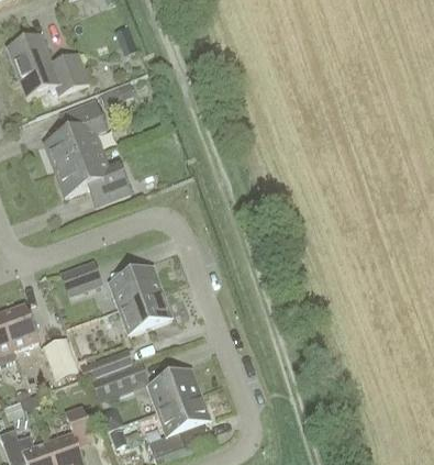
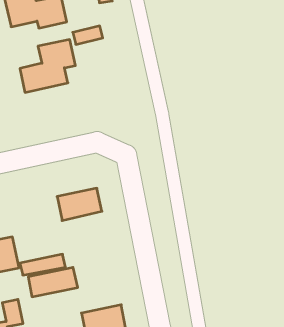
building: [54,148,131,202] -> none
building: [60,258,100,291] -> none
building: [119,289,171,332] -> none
building: [147,367,201,409] -> none

